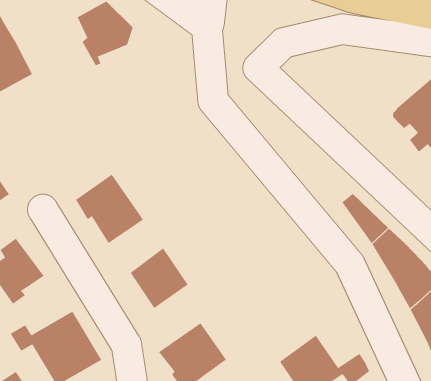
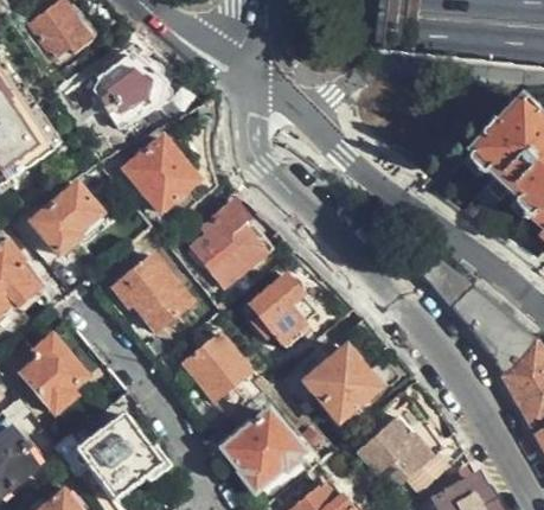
building: none -> [127,136,200,211]
building: none -> [30,186,98,255]
building: none -> [196,198,280,288]
building: none -> [251,276,318,343]
building: none -> [307,348,379,421]

